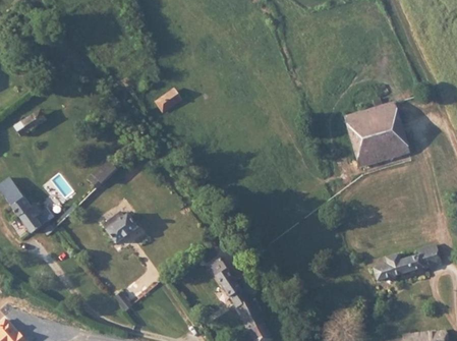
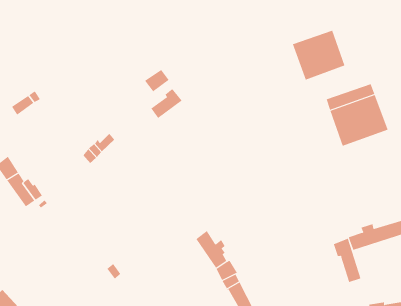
building: none -> [292,30,345,80]
building: none -> [150,88,183,119]
building: [107,215,139,246] -> none
building: none -> [333,238,361,283]

